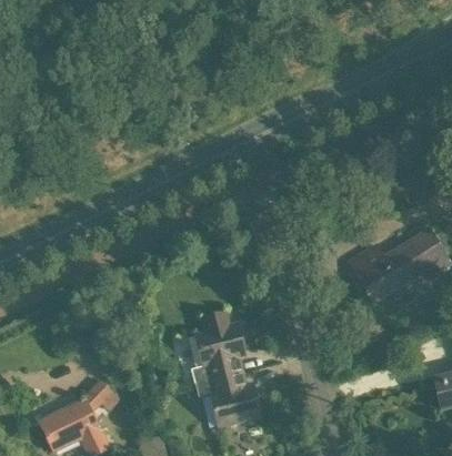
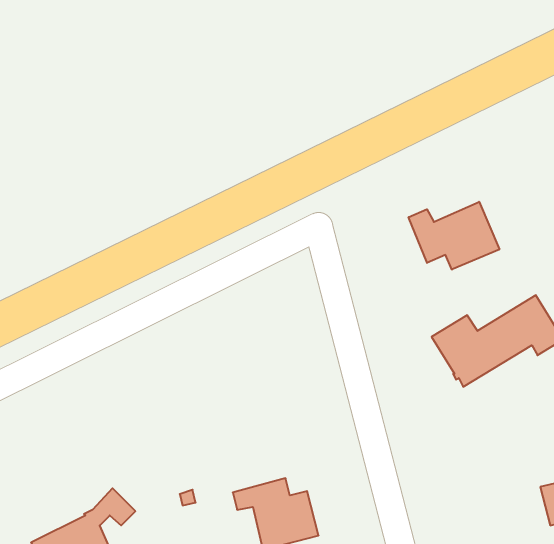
building: none -> [409,202,499,270]
building: [191,310,245,384] -> none

